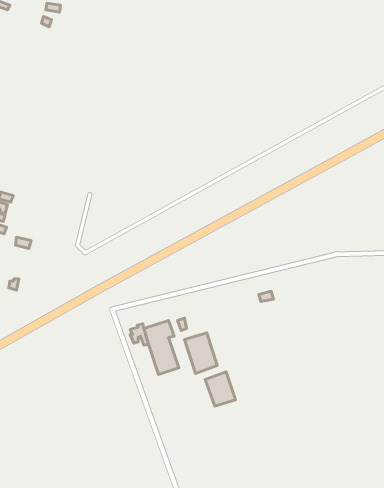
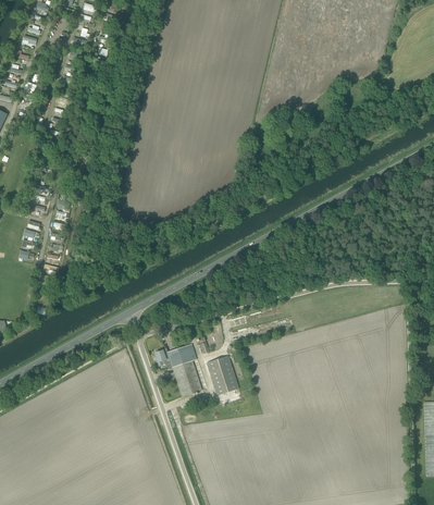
building: [205,372,235,406] -> none

